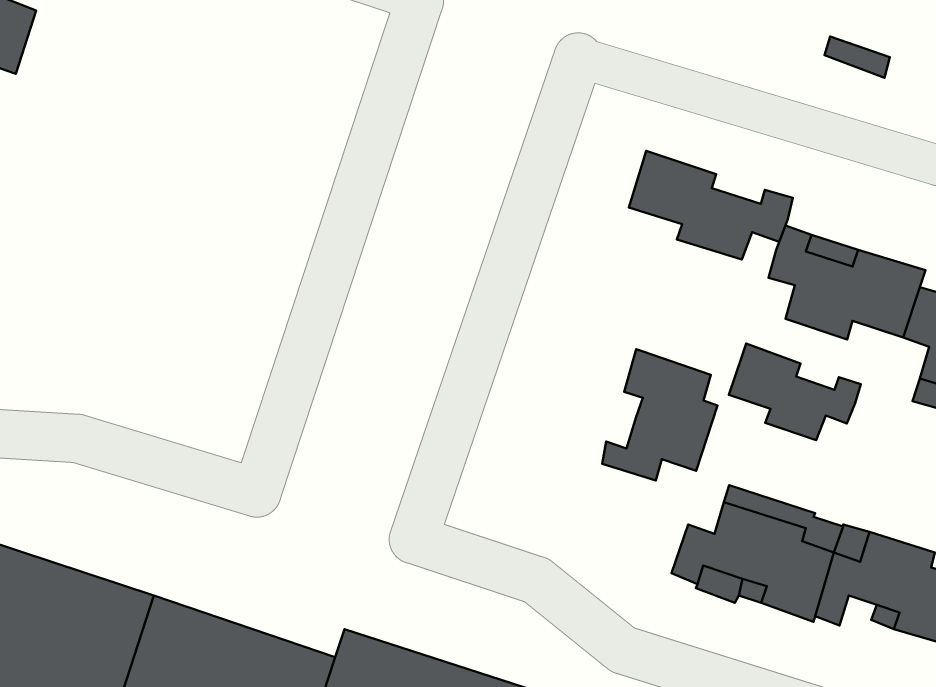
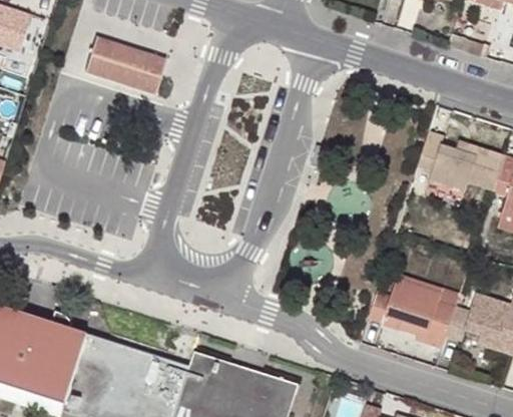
building: none -> [84,35,166,95]
building: [629,151,793,260] -> none
building: [729,344,861,440] -> none
building: [602,349,718,480] -> none

